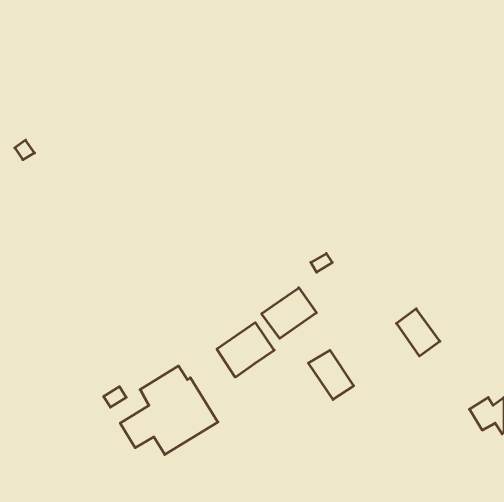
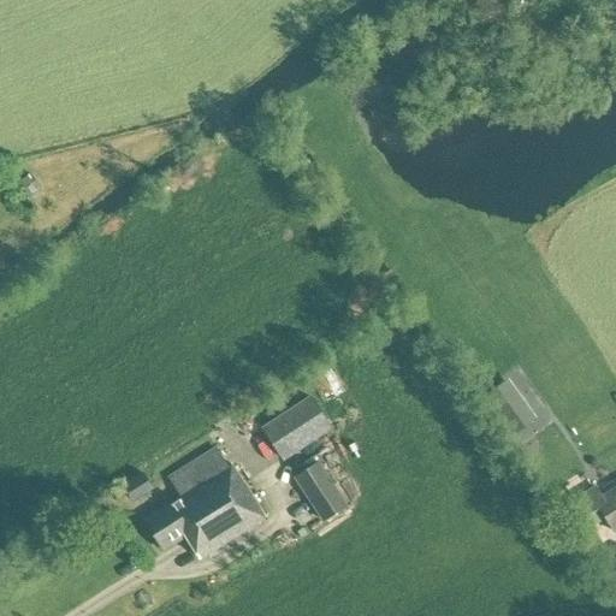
building: [262,288,316,338] -> none
building: [308,350,354,400] -> [292,461,348,521]

